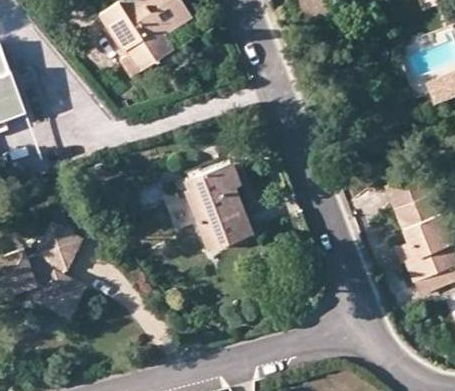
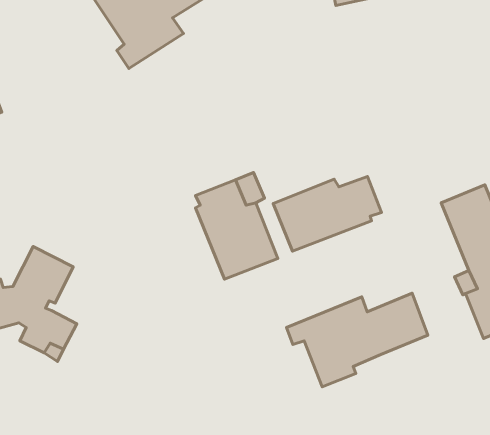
building: none -> [273,177,382,251]
building: none -> [286,293,428,387]

